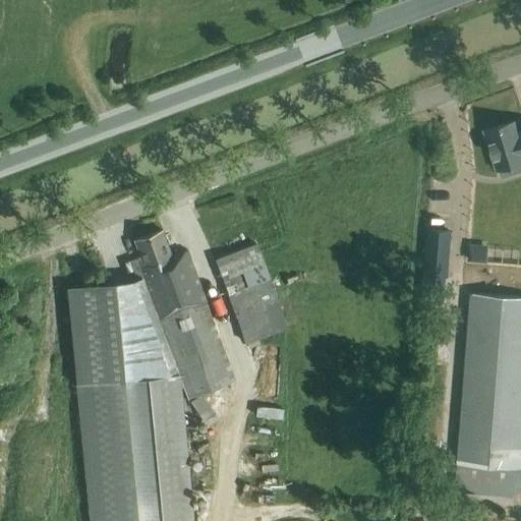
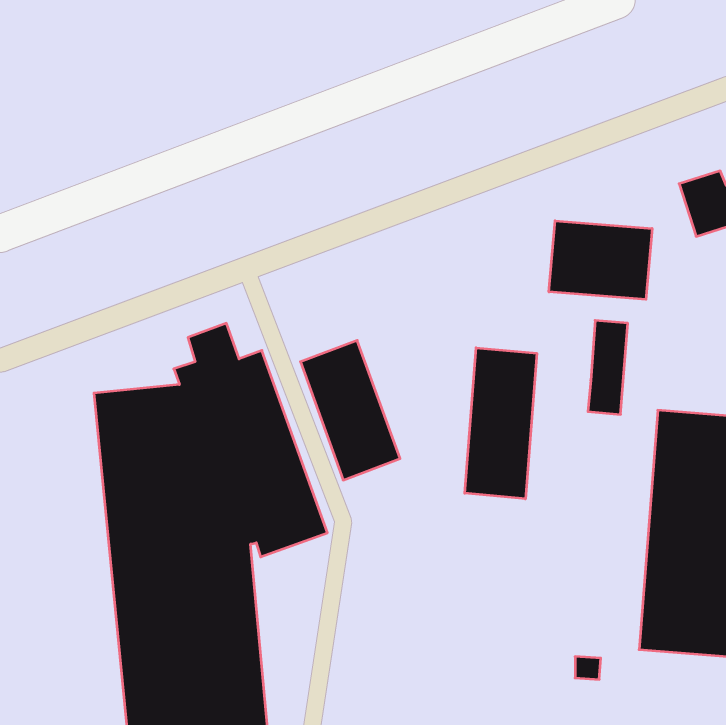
building: none -> [549,221,652,299]
building: none -> [465,348,537,499]

